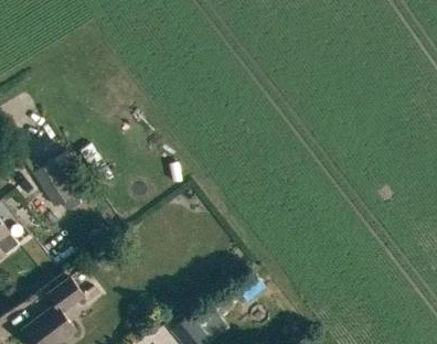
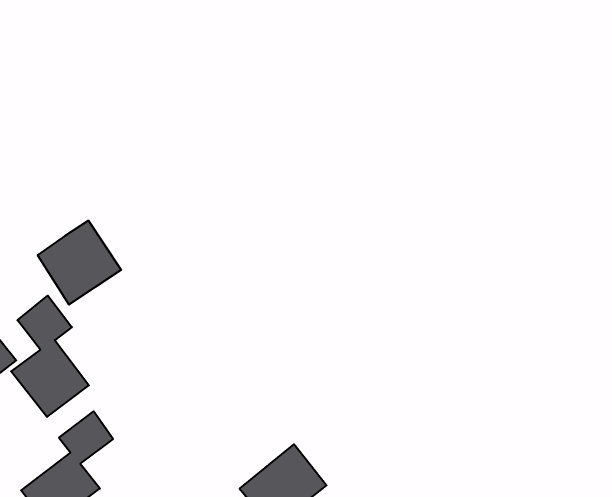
building: none -> [11,296,89,417]

